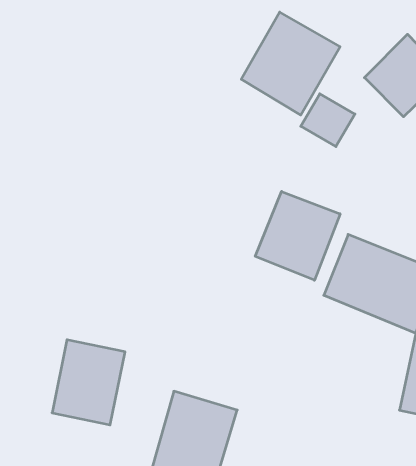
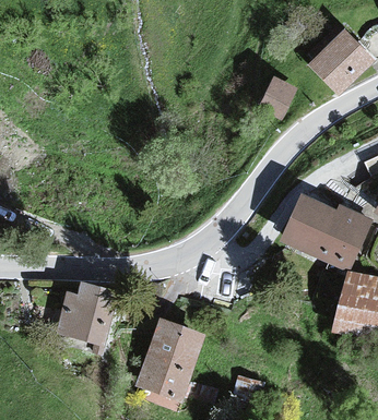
building: [241,12,340,115] -> none
building: [255,191,340,280] -> none

